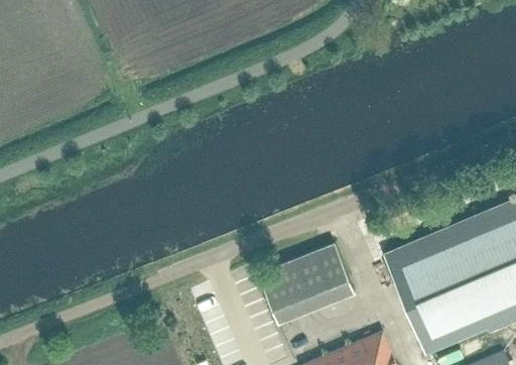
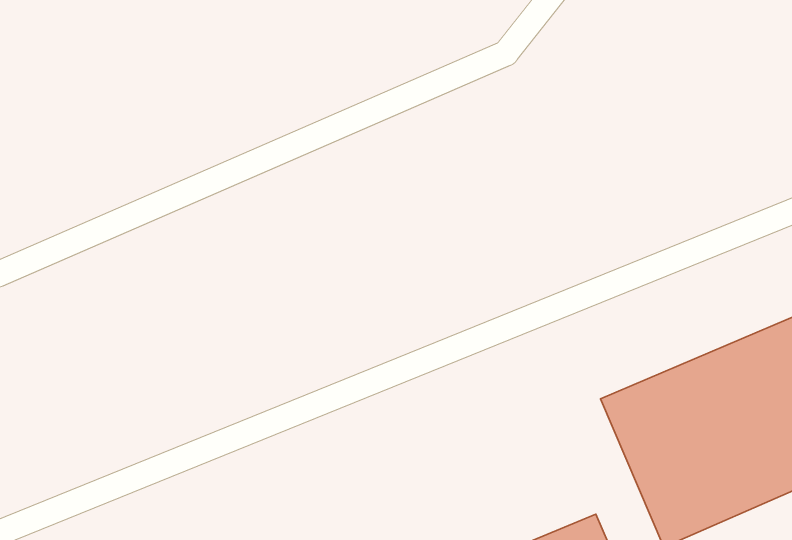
building: [258,244,354,323] -> none

